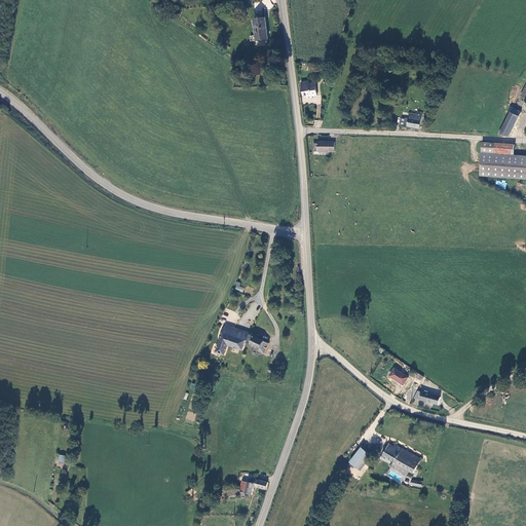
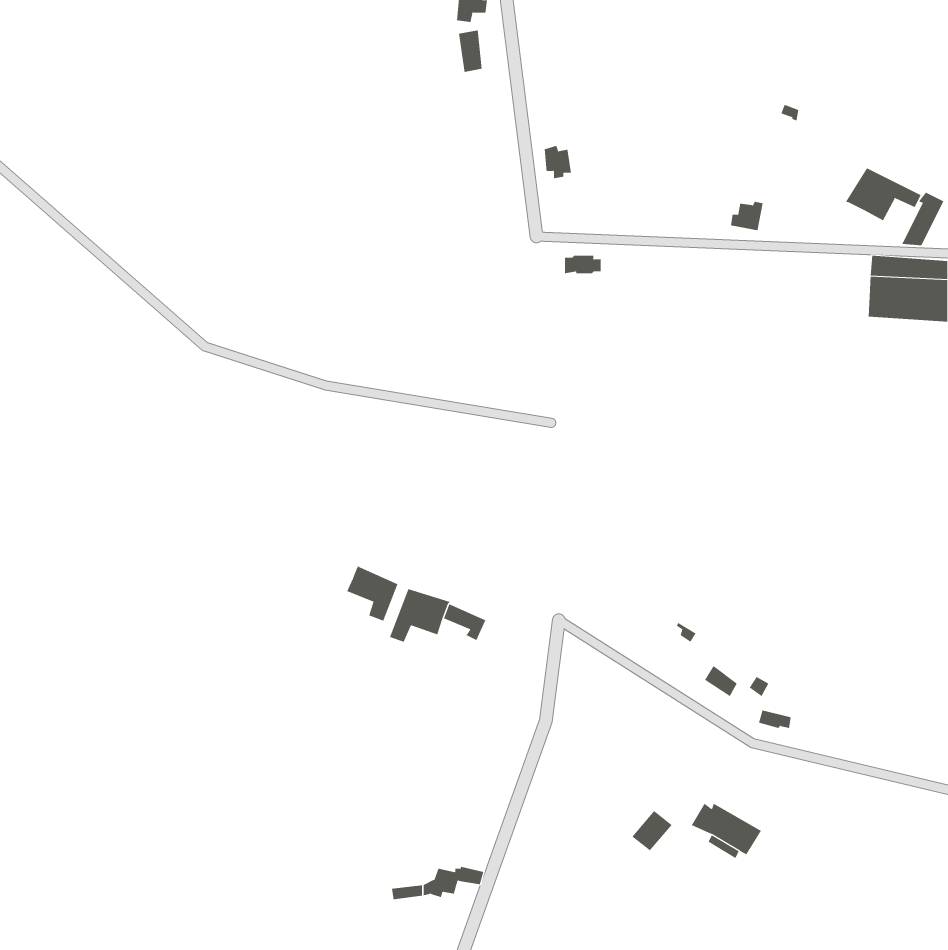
building: none -> [845,167,922,221]
building: none -> [347,565,398,622]

